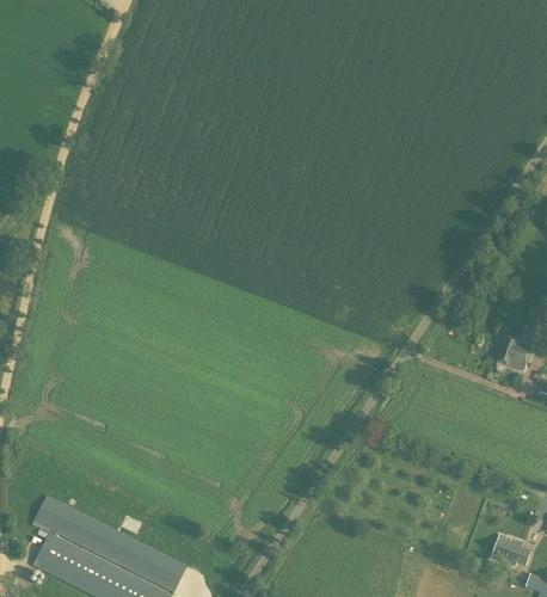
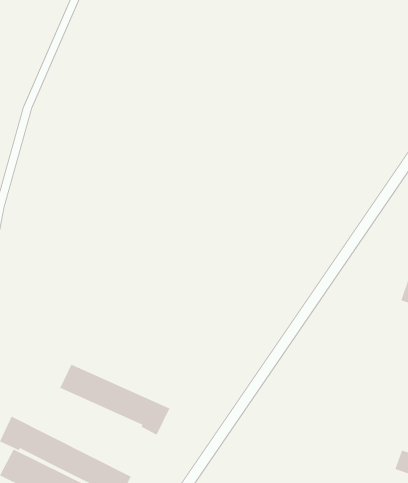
building: none -> [60,364,170,436]

